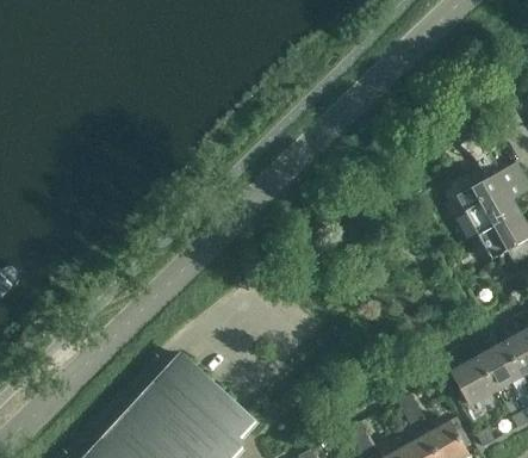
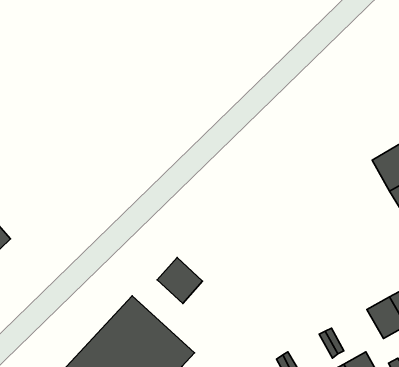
building: none -> [157,258,203,303]

